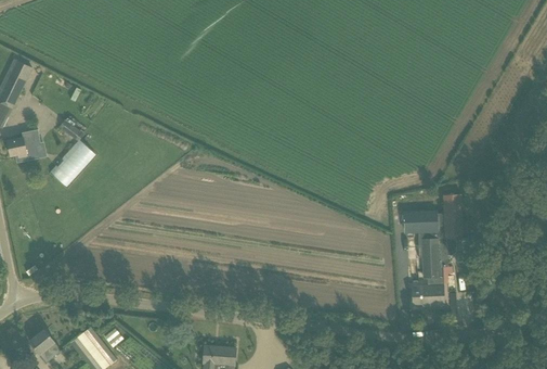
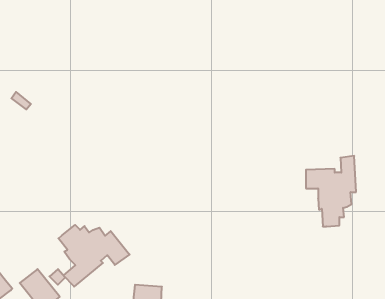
building: none -> [58,225,130,287]
building: [412,276,443,305] -> none

